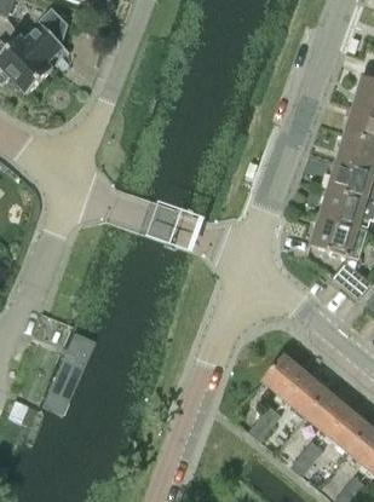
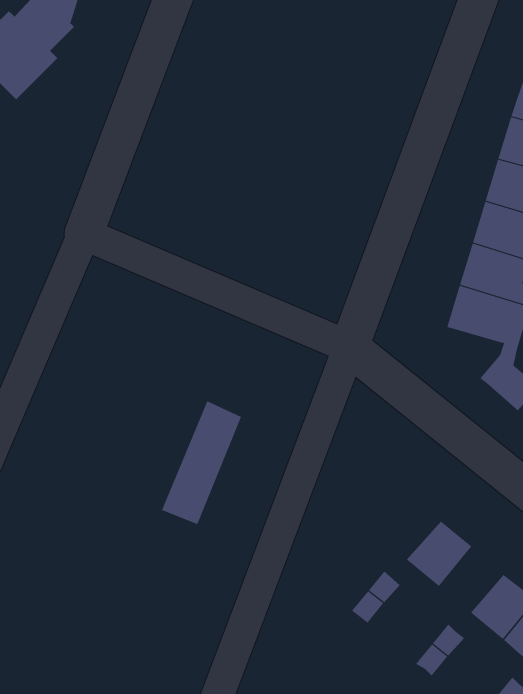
building: [41,331,94,414] -> [161,400,242,525]
building: [263,354,306,398] -> none
building: [305,390,347,433] -> none

